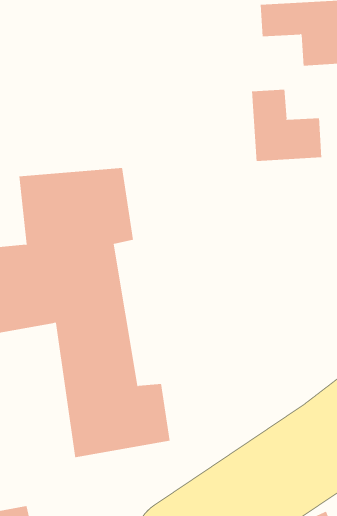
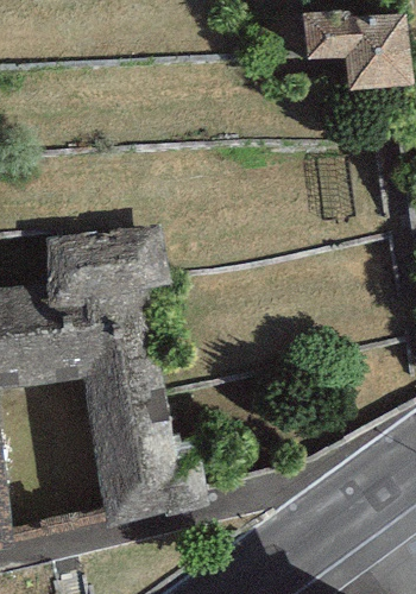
building: [251,89,322,162] -> none

